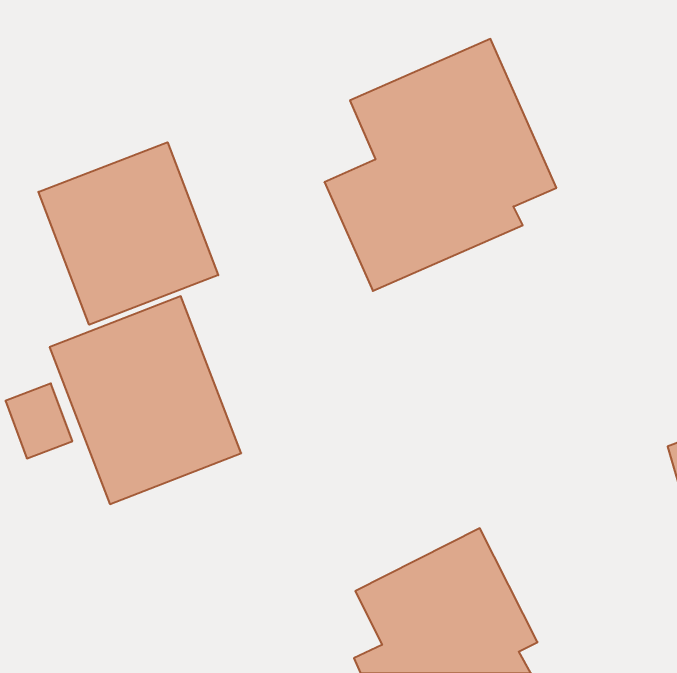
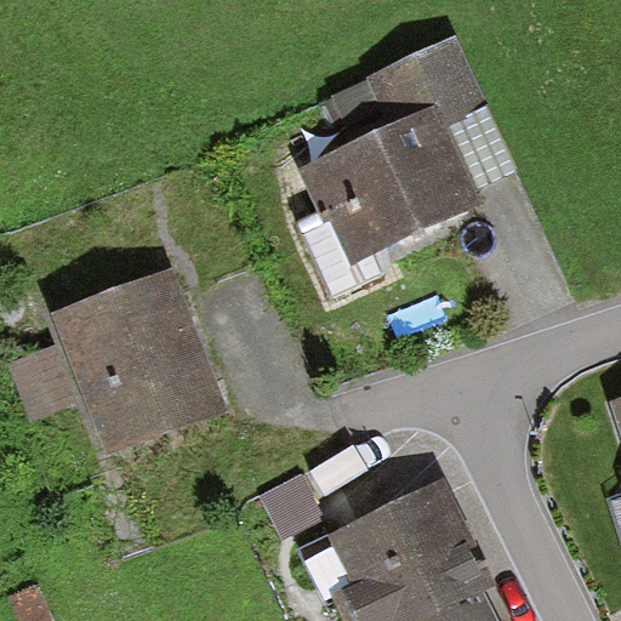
building: [38,142,218,325] -> none

